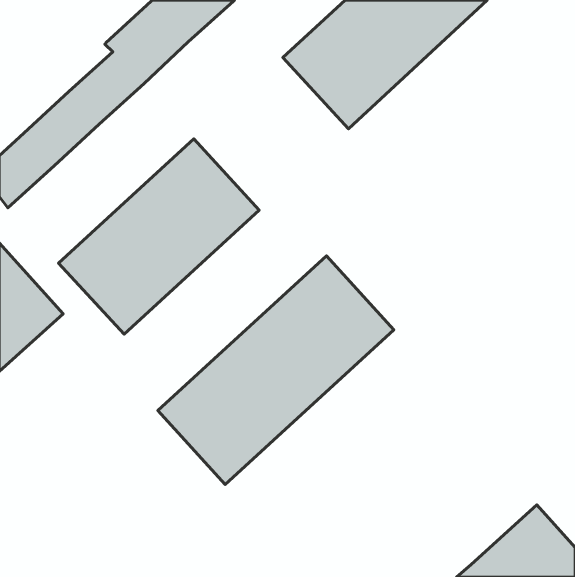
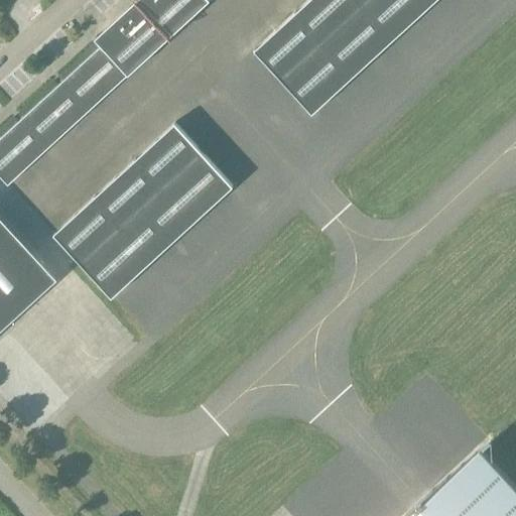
building: [158,256,394,485] -> none

